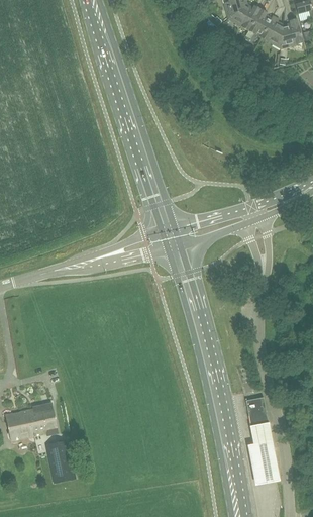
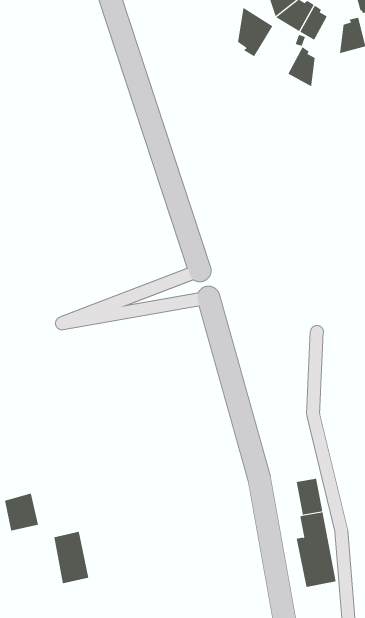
building: none -> [238,7,273,57]
building: [260,14,284,47] -> [287,47,316,87]
building: [28,401,58,434] -> none

